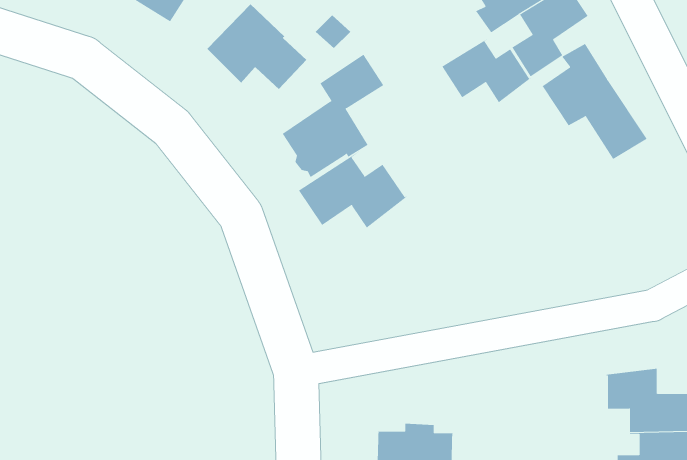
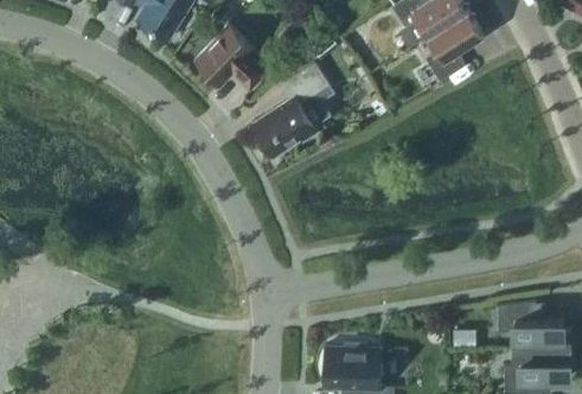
building: [441,36,531,103] -> none
building: [542,43,647,160] -> none
building: [298,151,407,229] -> none

